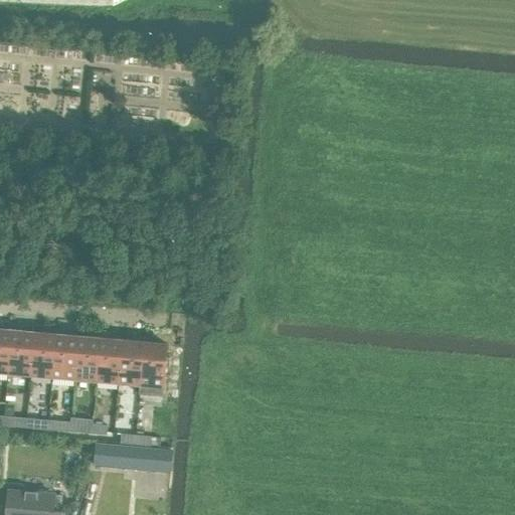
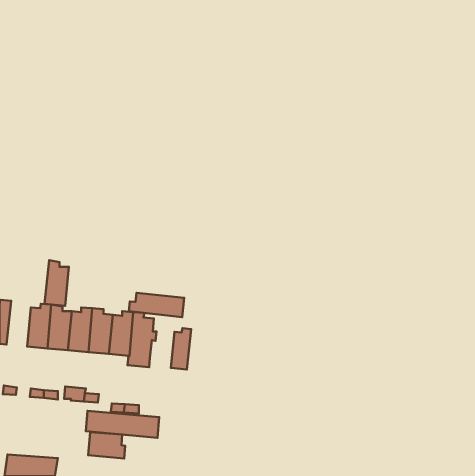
building: none -> [129,293,184,317]
building: [7,325,33,374] -> [45,260,69,306]
building: none -> [171,328,191,369]
building: none -> [88,432,125,458]

